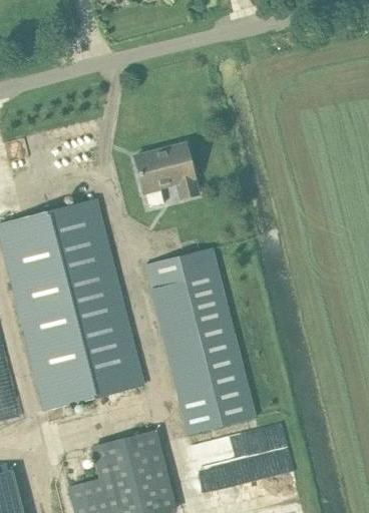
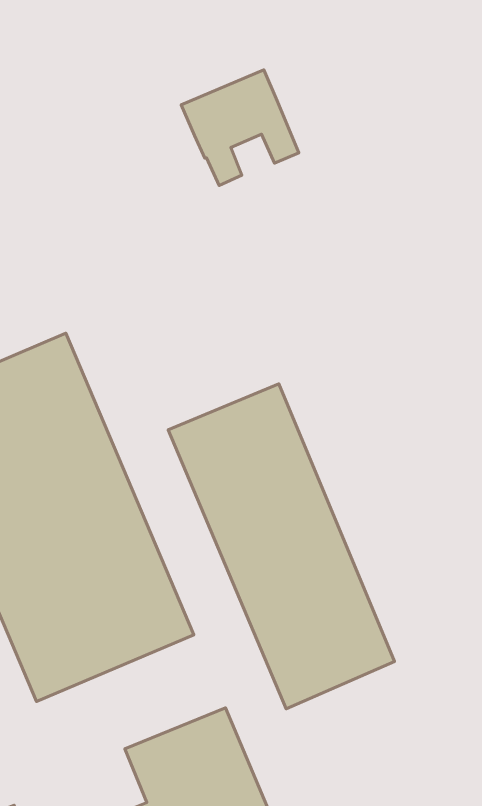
building: [132,144,197,207] -> [181,70,299,185]
building: [197,422,295,489] -> none

